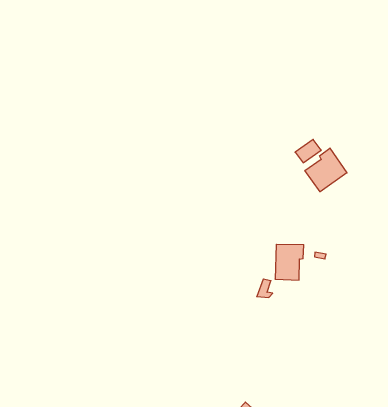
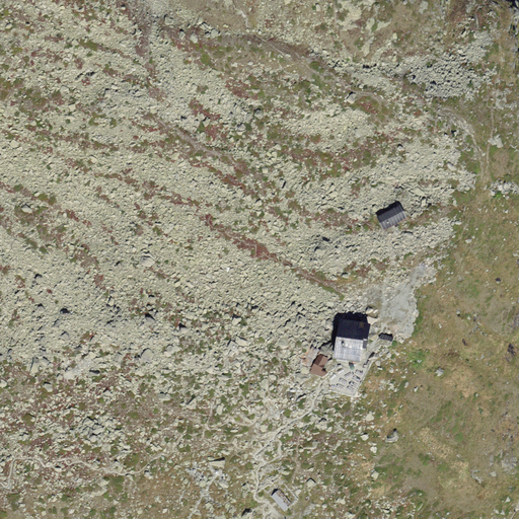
building: [305,148,347,192] -> none

